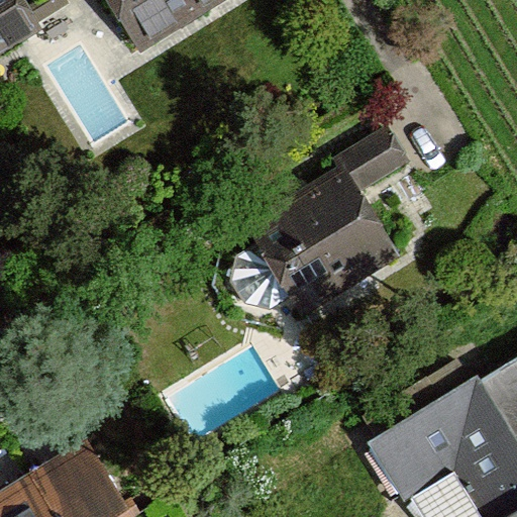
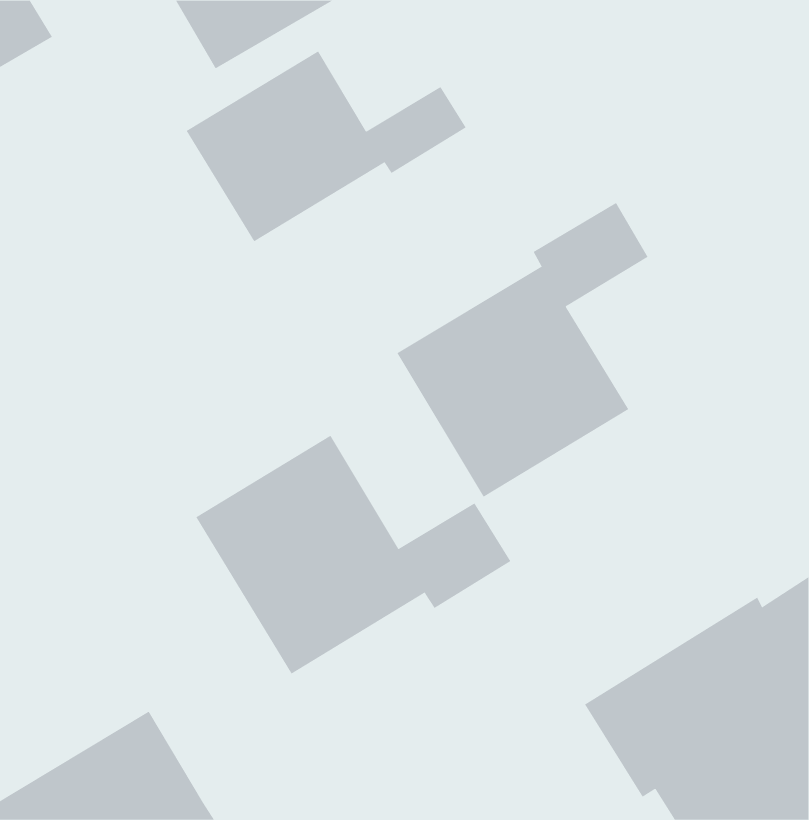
building: none -> [186,51,467,242]
building: none -> [195,435,511,675]

